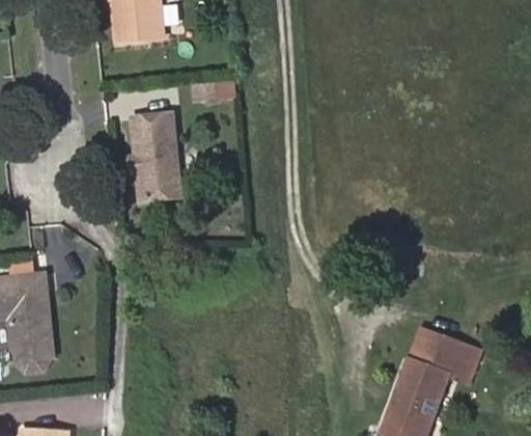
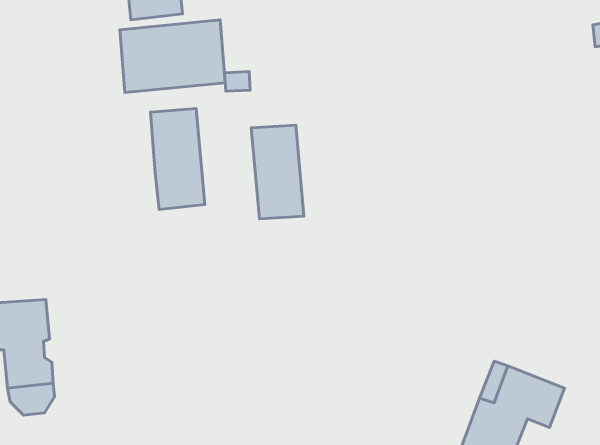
building: none -> [120,20,225,93]
building: none -> [251,125,304,219]

